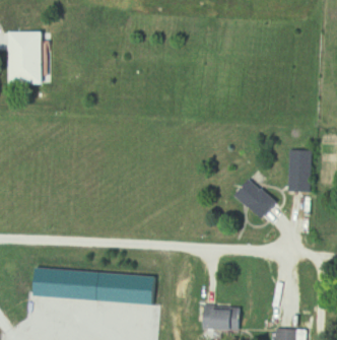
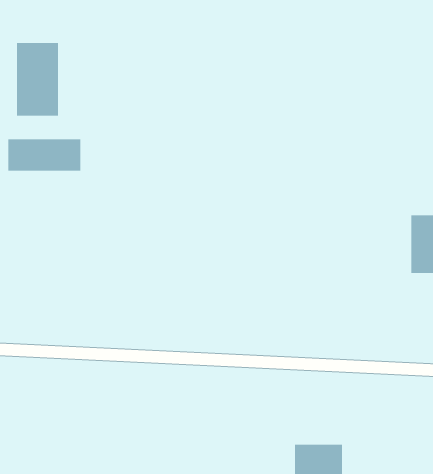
building: none -> [8,138,81,171]
building: [231,176,275,219] -> none

